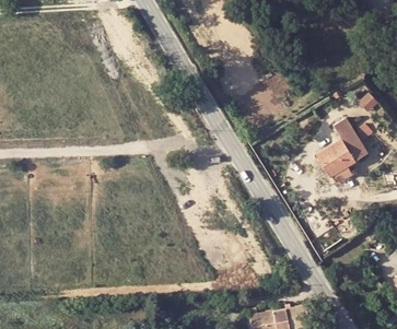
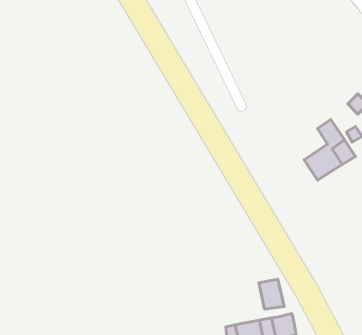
building: none -> [259,279,284,309]

